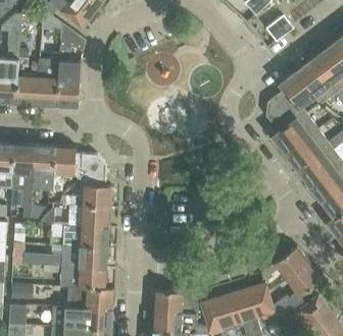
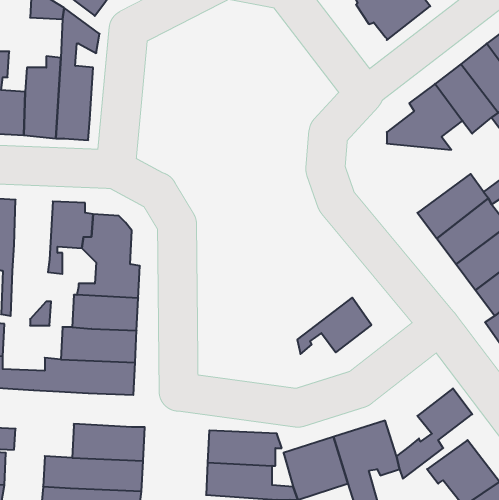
building: [266,109,321,153] -> none
building: [31,145,56,190] -> none
building: [262,246,309,282] -> [297,298,371,354]
building: [43,265,107,288] -> none

